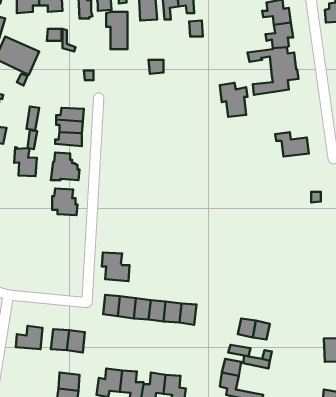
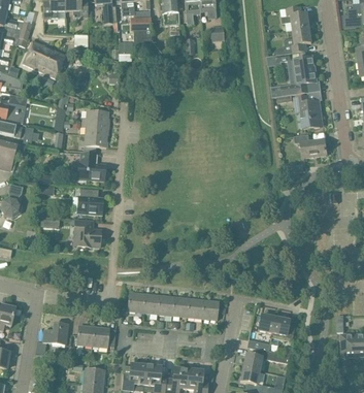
building: [220,83,247,117] -> [294,95,321,128]
building: [14,147,37,176] -> none
building: [102,253,129,281] -> [73,219,100,247]

